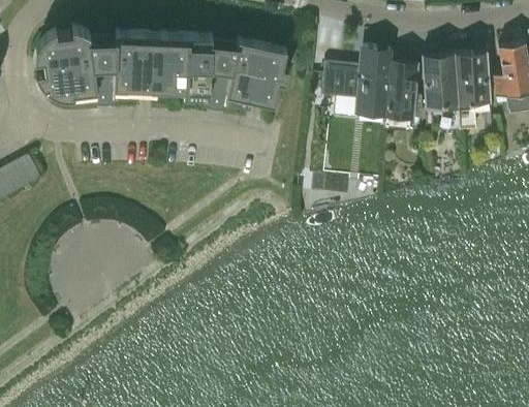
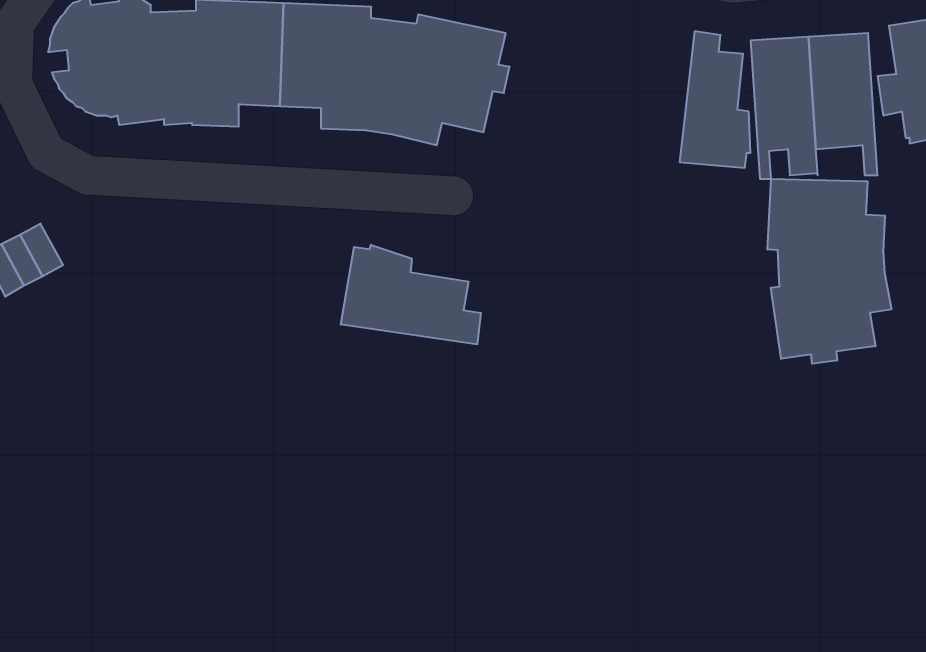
building: [322,44,392,119] -> none
building: none -> [767,179,891,364]
building: none -> [341,245,481,344]

